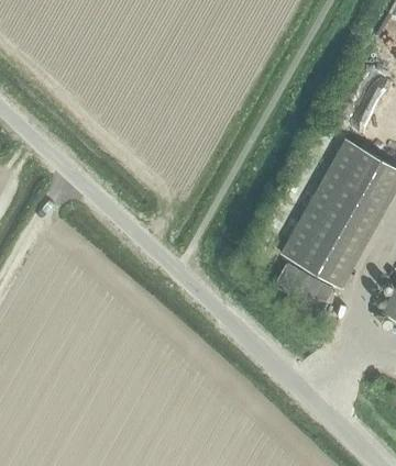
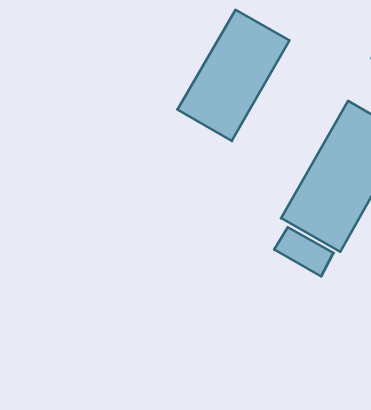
building: none -> [177,10,289,141]

